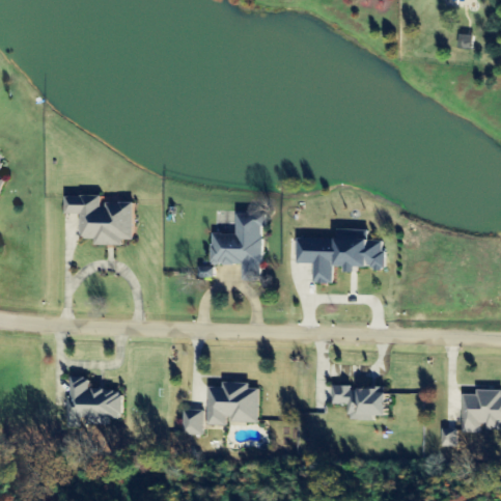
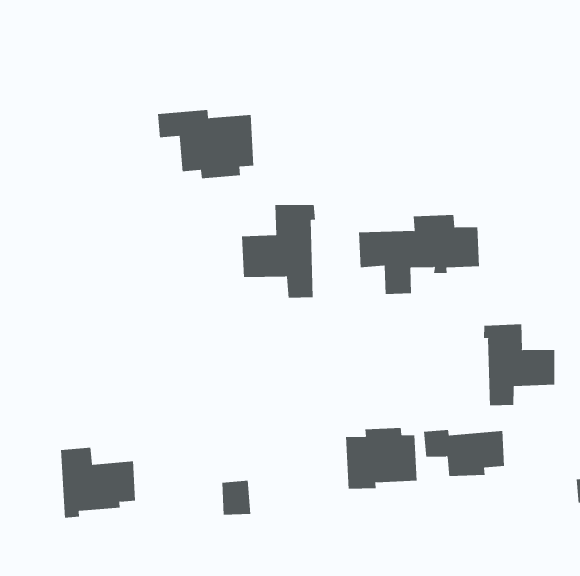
building: [65,194,134,244] -> [157,109,254,179]
building: none -> [484,323,555,406]
building: [206,381,258,424] -> [345,428,417,489]

